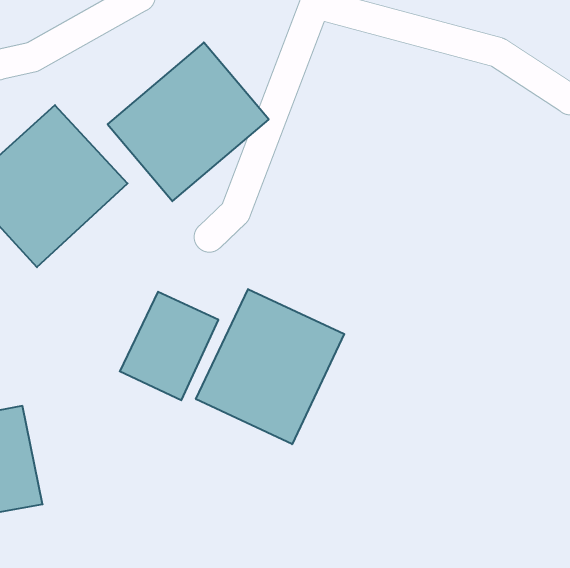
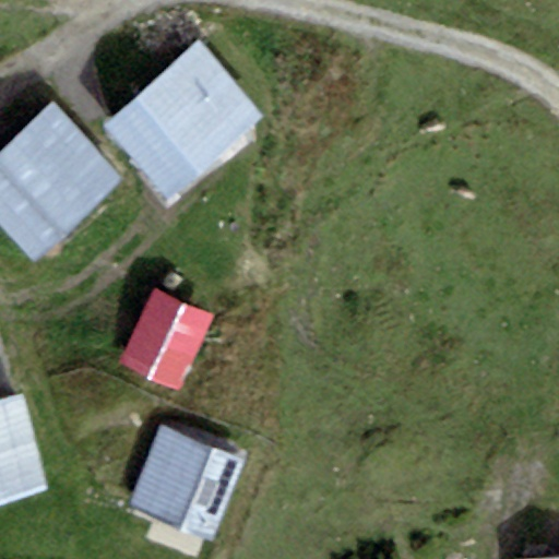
building: [196,289,344,444] -> none
building: none -> [129,425,242,536]

